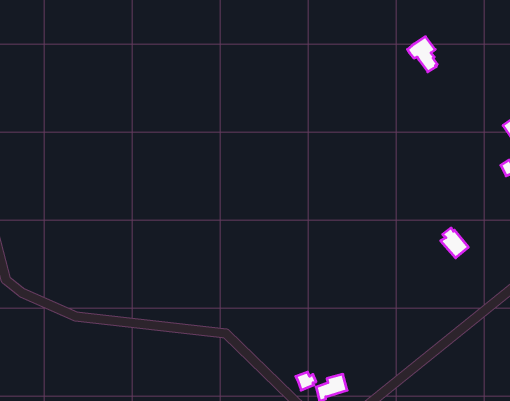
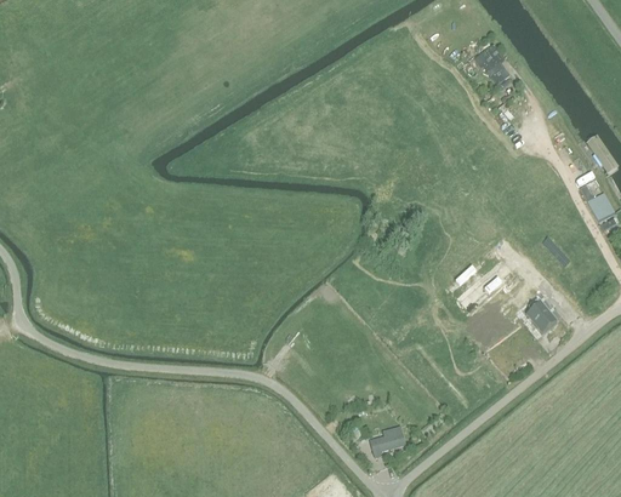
building: [441,228,468,258] -> [525,298,557,332]

